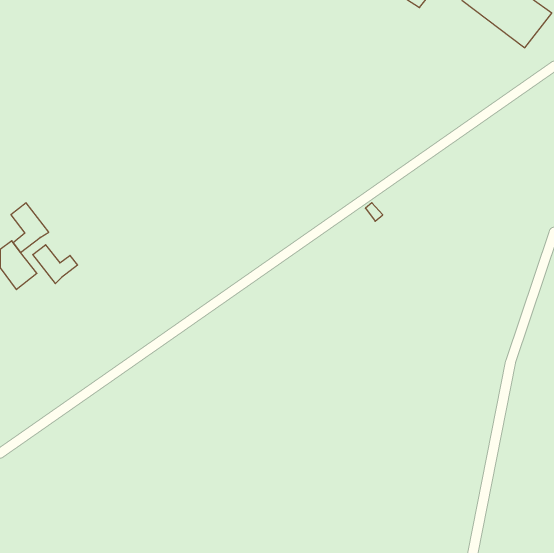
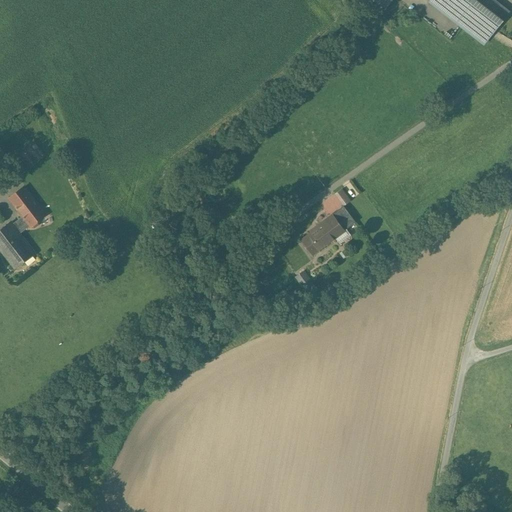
building: none -> [301,203,357,254]
building: [33,245,78,284] -> none

